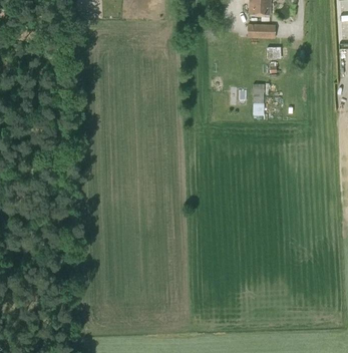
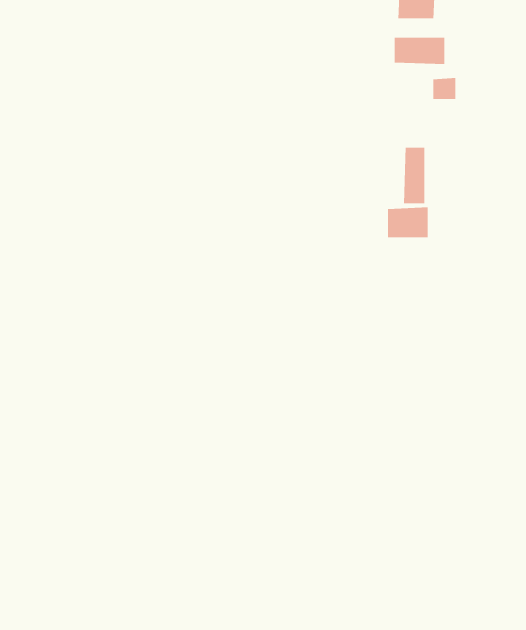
building: none -> [388,207,428,238]

